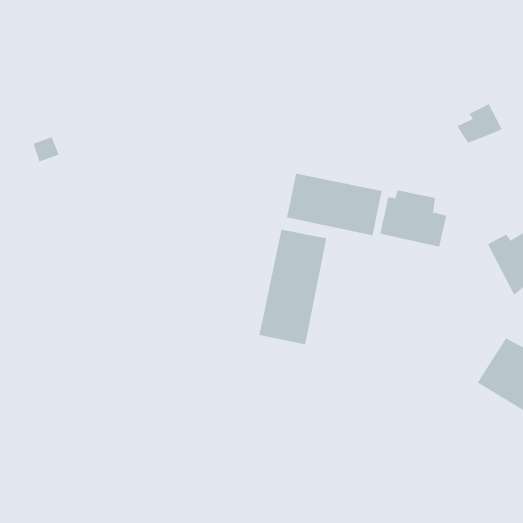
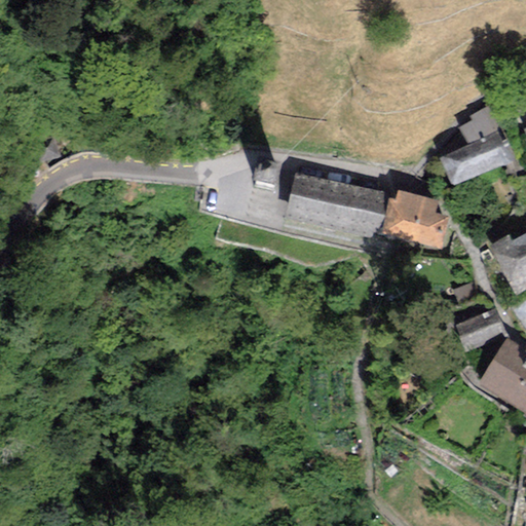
building: none -> [440,133,511,186]
building: [259,229,327,345] -> none
building: none -> [456,308,508,350]

